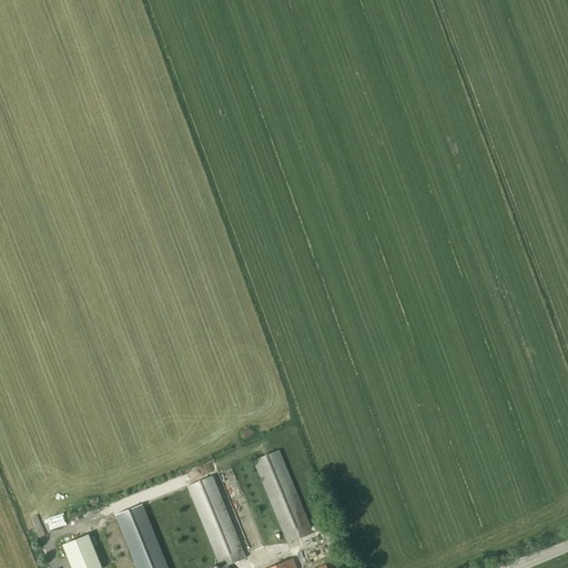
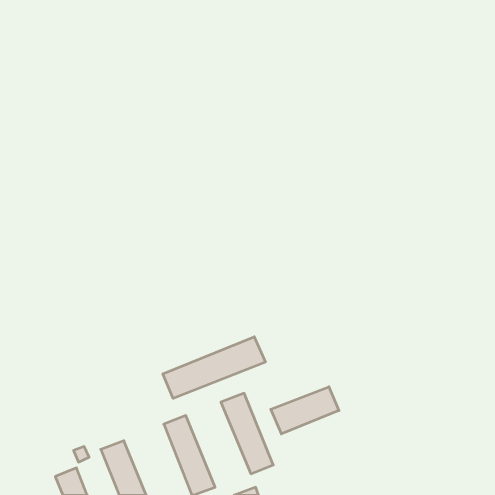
building: none -> [163,337,265,398]
building: none -> [271,387,339,434]

